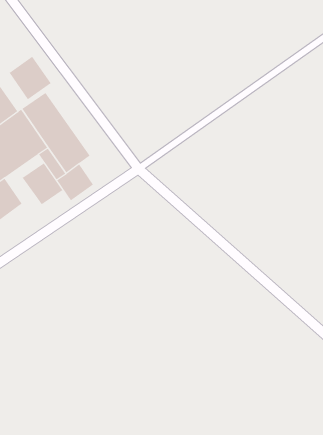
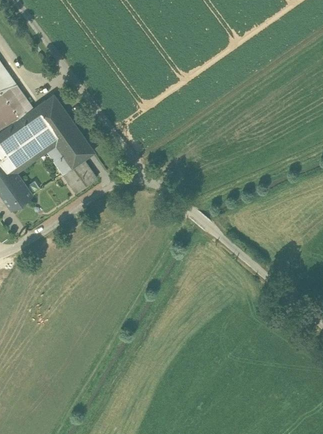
building: [9,56,51,100] -> none
building: [22,162,63,205] -> none

